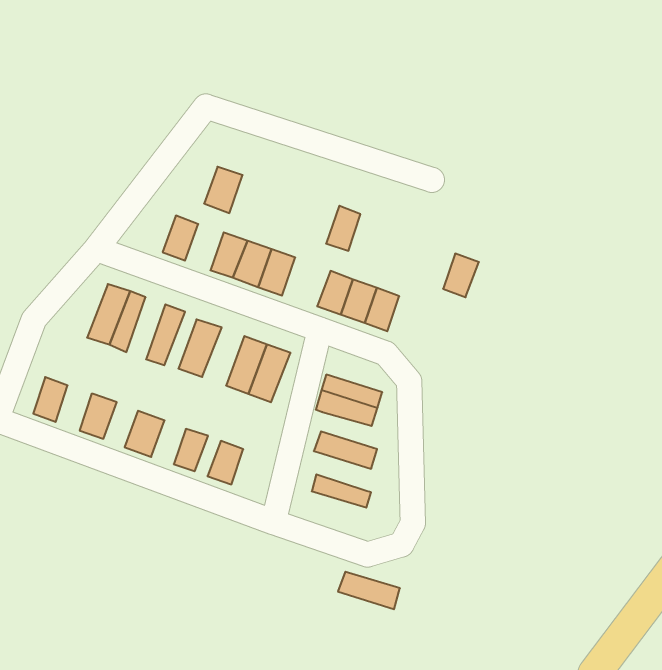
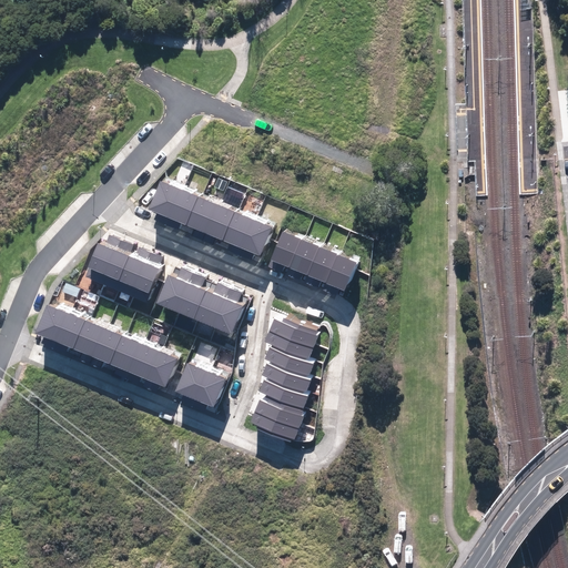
building: [204,167,243,213] -> [166,189,199,226]
building: [326,206,360,251] -> [243,220,272,256]
building: [443,254,479,297] -> [326,255,356,291]
building: none -> [115,245,149,295]
building: none -> [175,273,211,320]
building: none -> [55,313,85,349]
building: none -> [93,328,122,365]
building: none -> [265,345,315,376]
building: none -> [131,345,160,381]
building: none -> [194,371,226,408]
building: none -> [258,377,310,410]
building: [338,572,400,609] -> [252,408,302,440]

